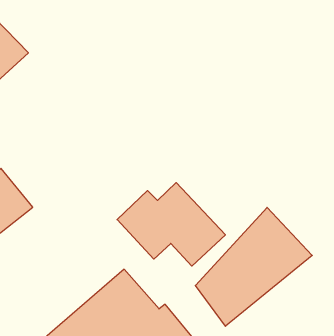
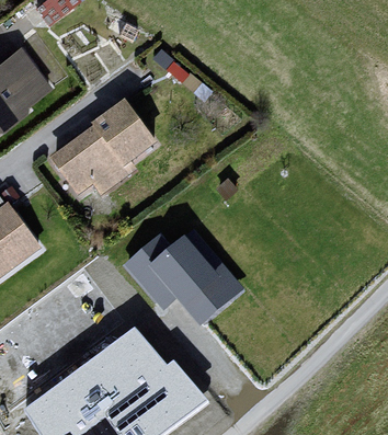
building: none -> [60,108,160,201]
building: [195,207,312,326] -> none

